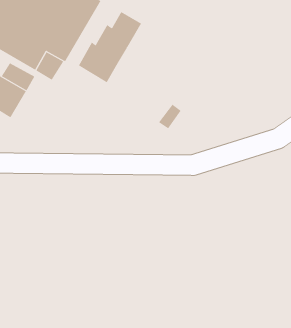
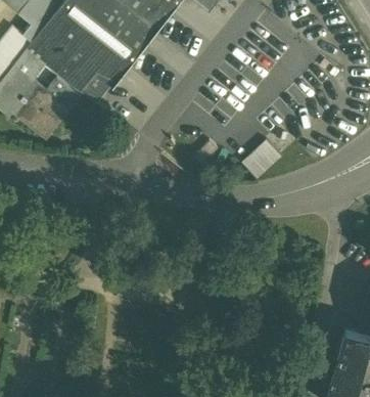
building: [78,11,142,83] -> none
building: none -> [243,139,283,178]

